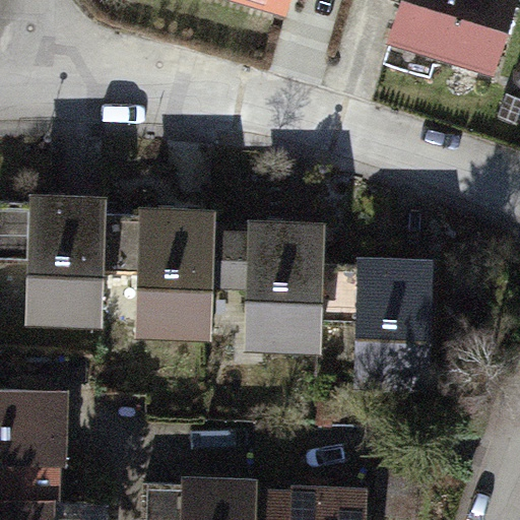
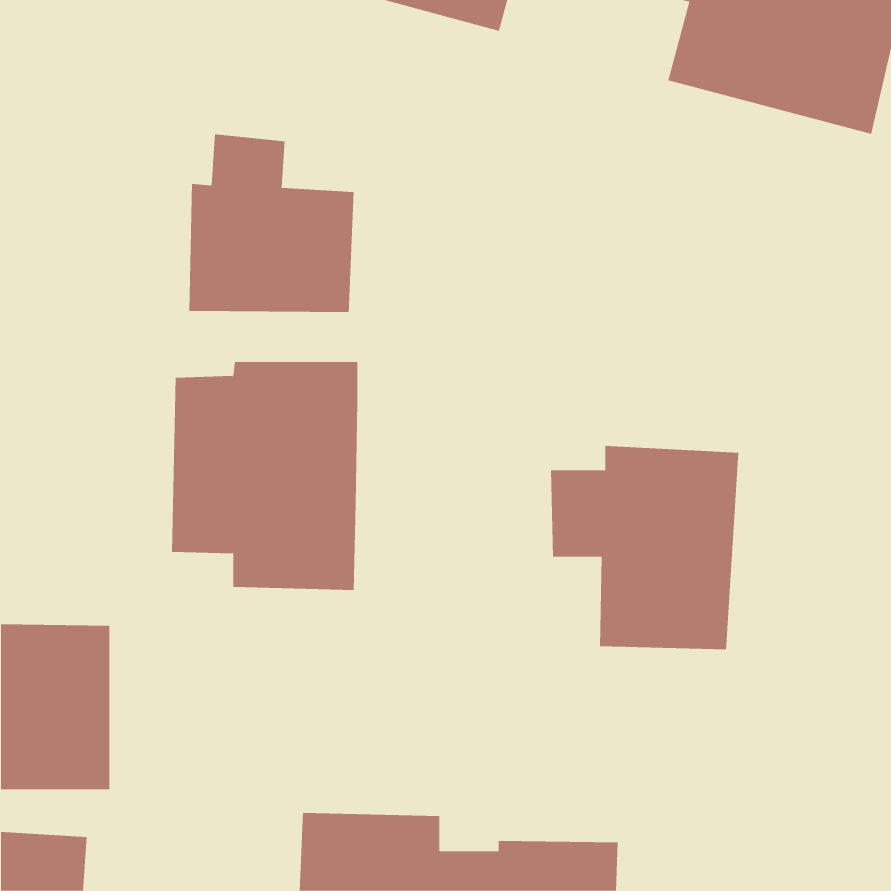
building: none -> [189,133,354,313]
building: [23,194,103,329] -> none
building: [208,225,322,354] -> none

